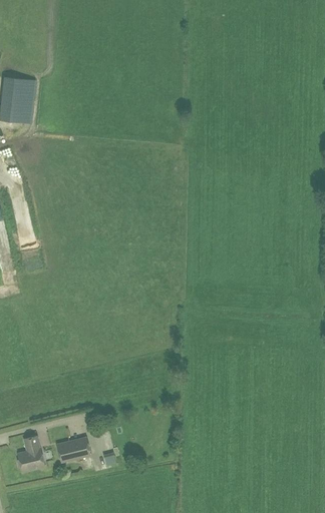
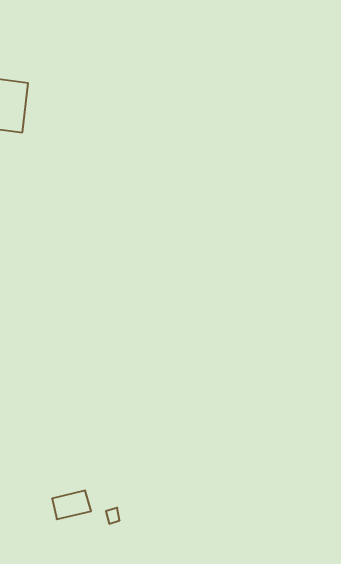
building: [17,436,44,471] -> none

